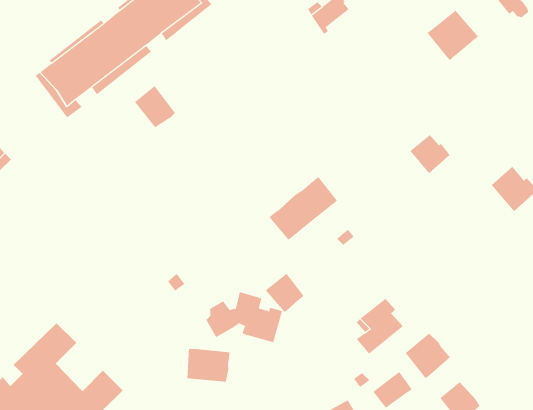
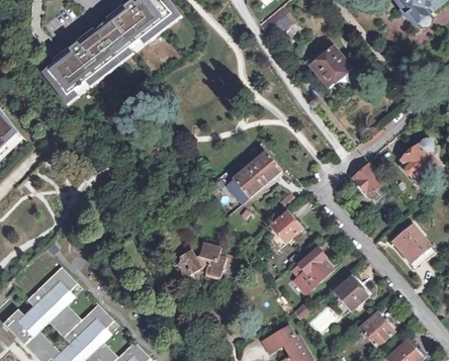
building: [426,10,479,61] -> [311,47,353,87]
building: [134,85,175,128] -> none
building: [410,134,451,174] -> [354,164,386,195]
building: none -> [394,223,430,260]
building: [265,273,305,312] -> [270,210,301,242]
building: [187,348,230,382] -> none

